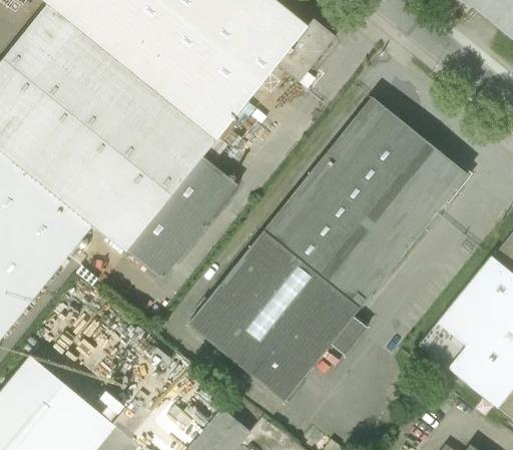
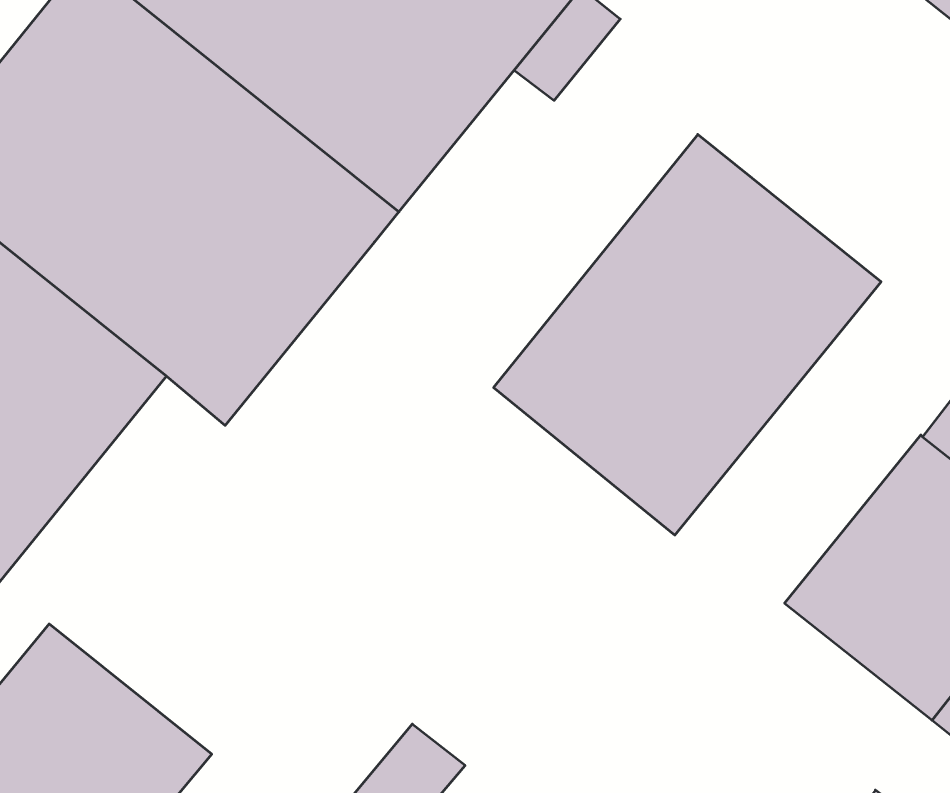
building: [122,154,235,280] -> none
building: [188,232,368,403] -> none

